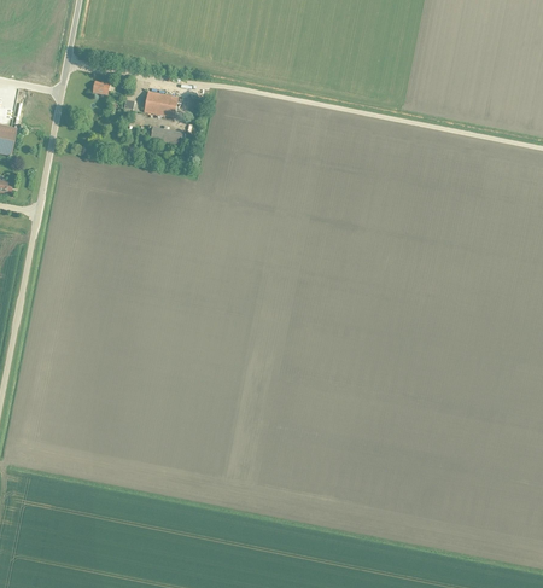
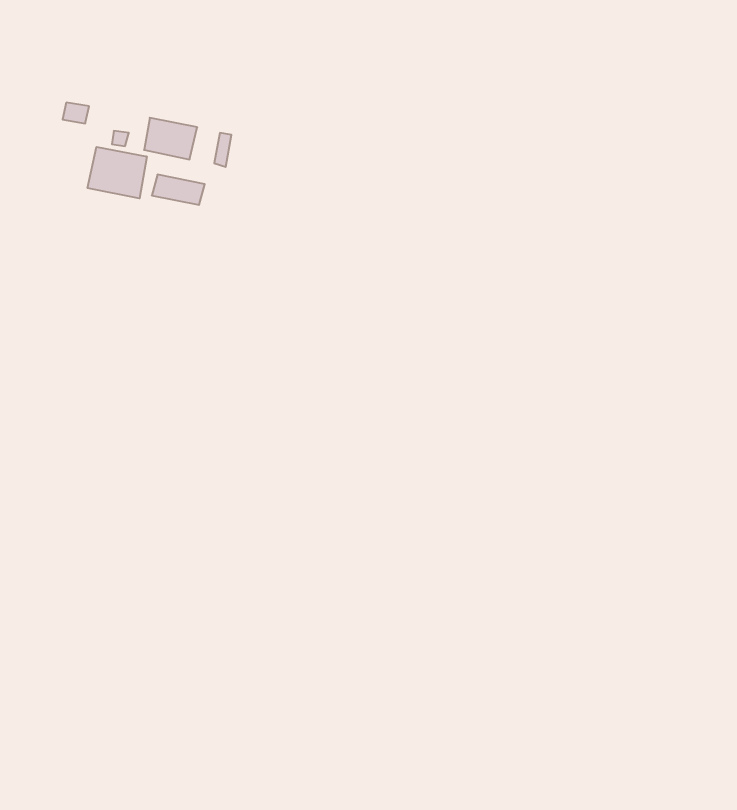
building: none -> [88,147,147,198]

